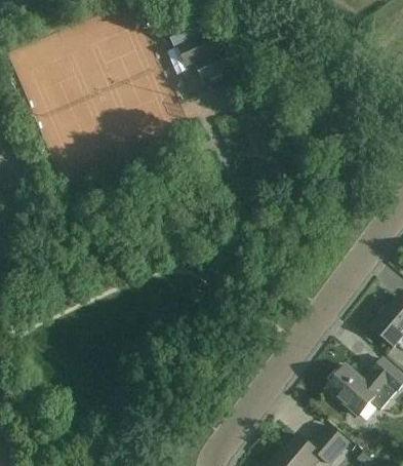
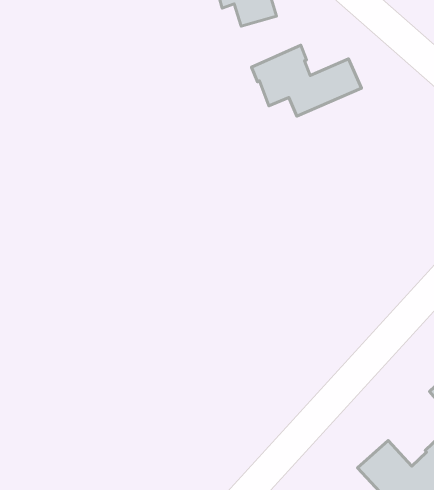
building: none -> [252,45,362,116]

